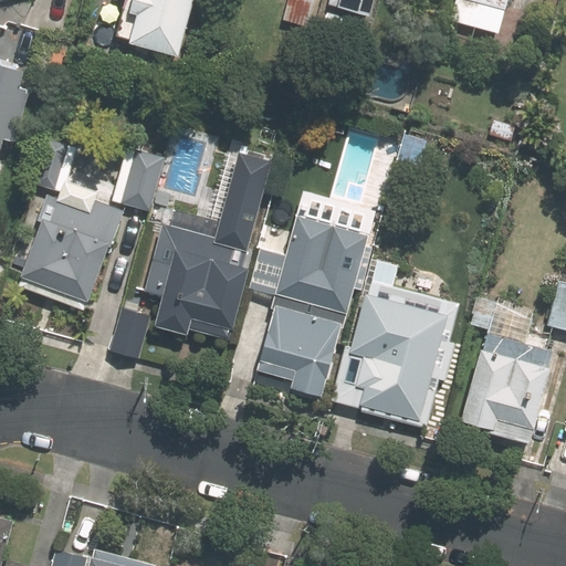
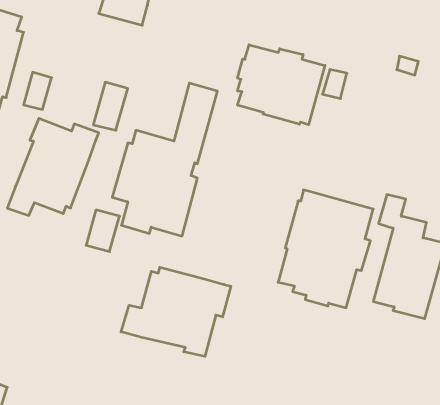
building: none -> [238,45,325,125]
building: [247,212,366,394] -> none
building: none -> [121,267,231,356]

